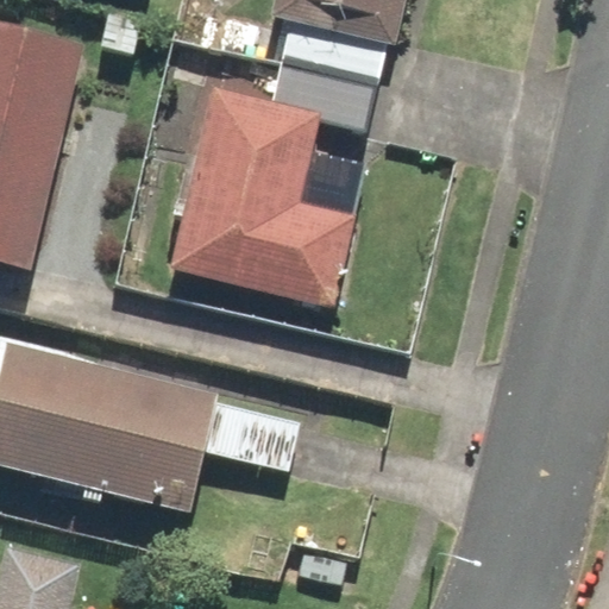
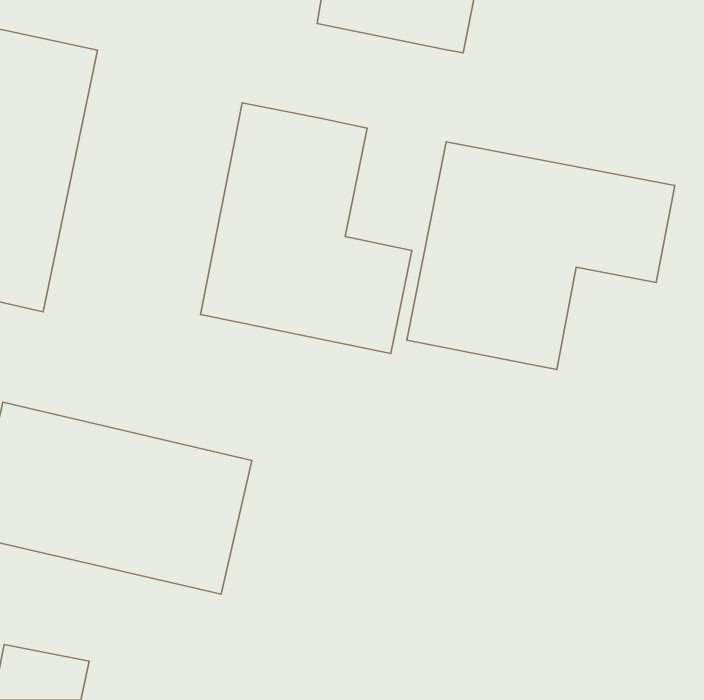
building: [274,24,383,120] -> none
building: none -> [407,142,675,369]

